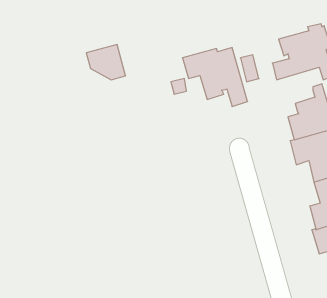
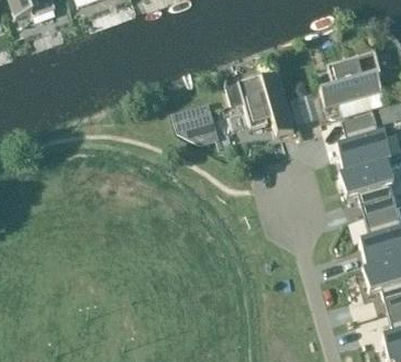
building: [86,45,126,80] -> [174,105,215,142]

